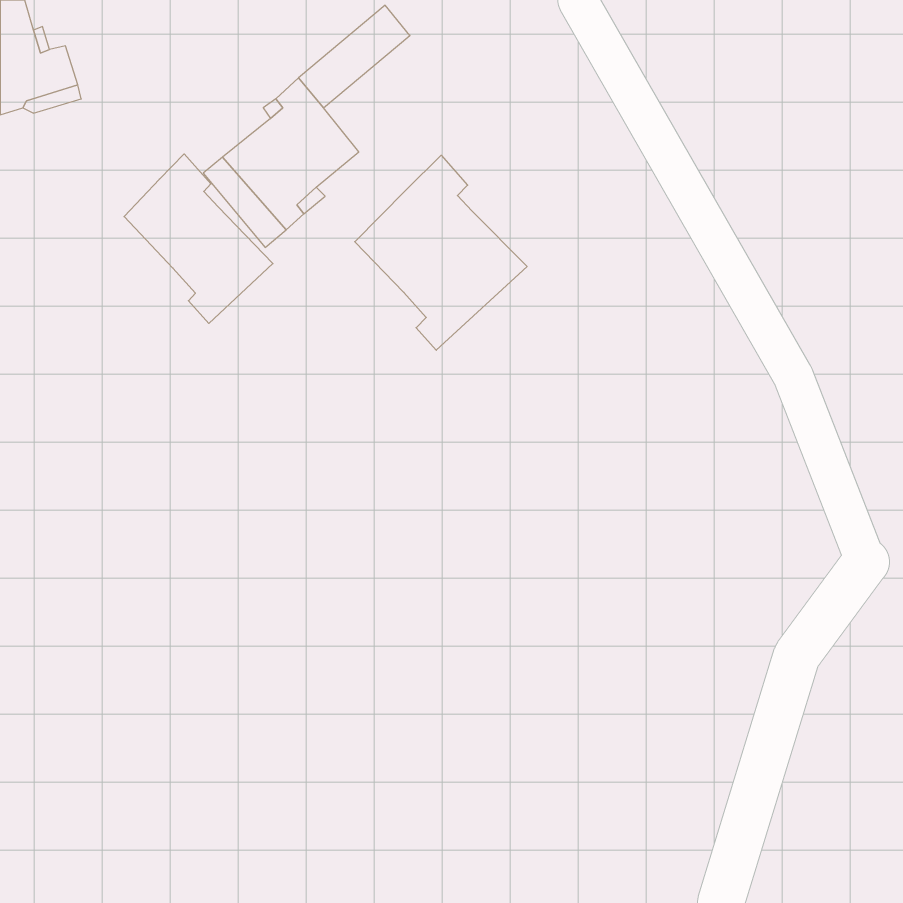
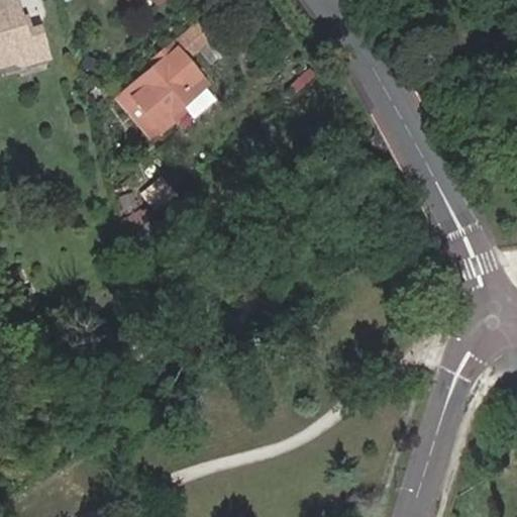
building: [124,154,273,323] -> none
building: [355,155,527,350] -> none

